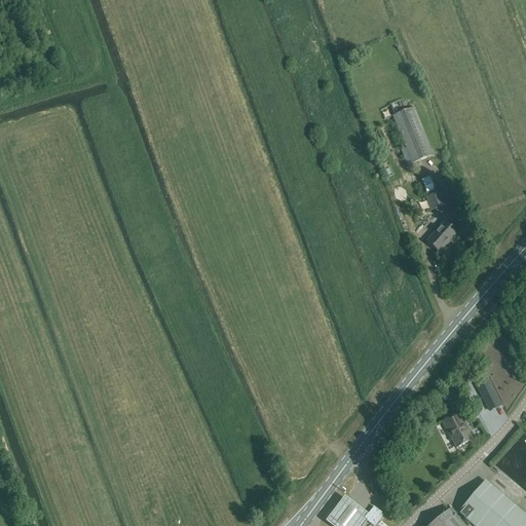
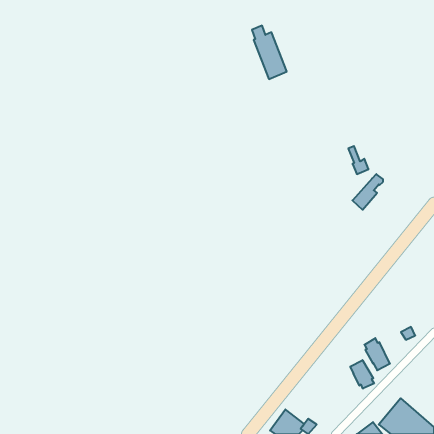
building: [390,100,433,164] -> [252,26,287,79]
building: none -> [350,360,374,389]

